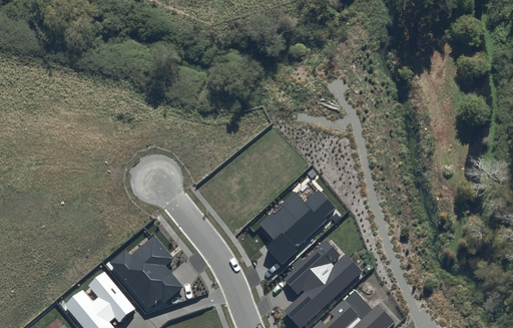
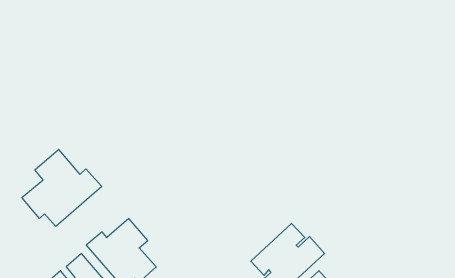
building: none -> [22,149,102,226]
building: [258,190,335,265] -> none

